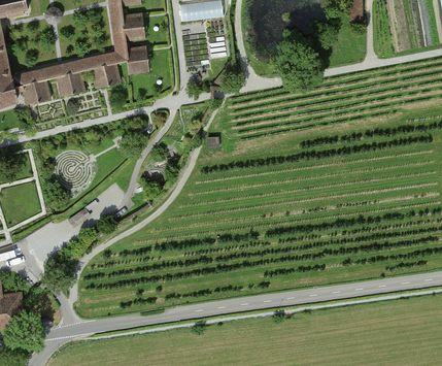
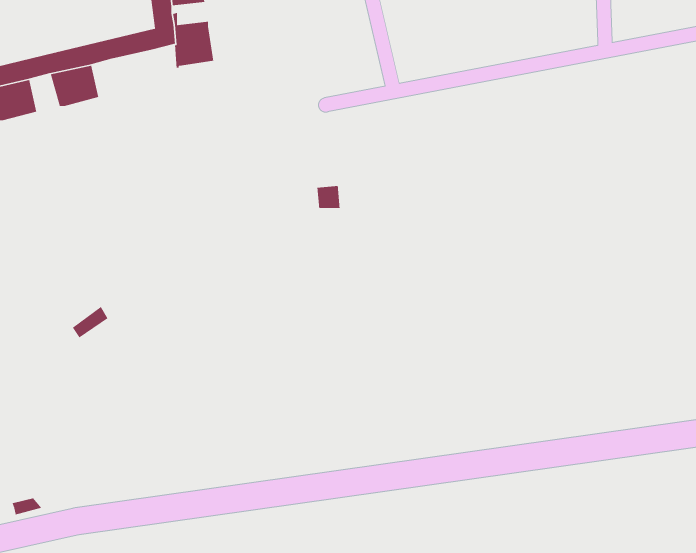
building: [92,64,120,88] -> none

